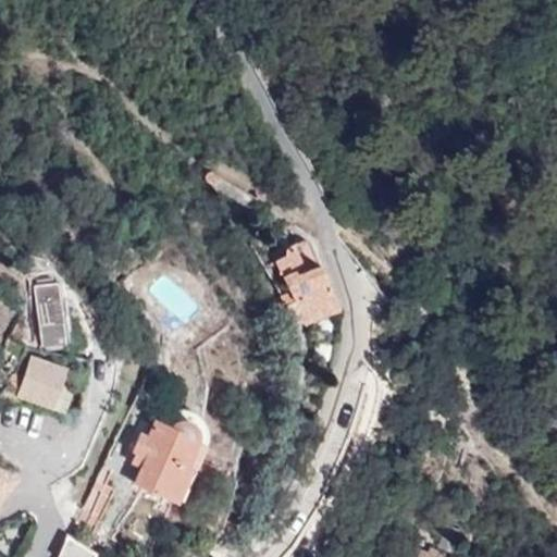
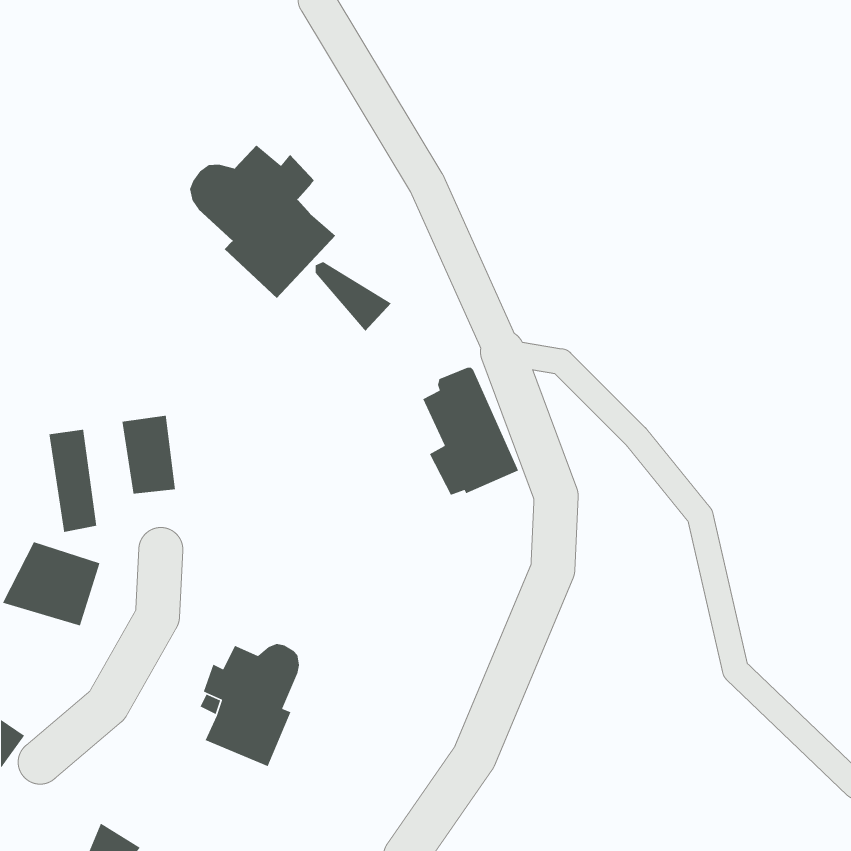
building: none -> [189,145,336,299]
building: none -> [122,415,176,495]

